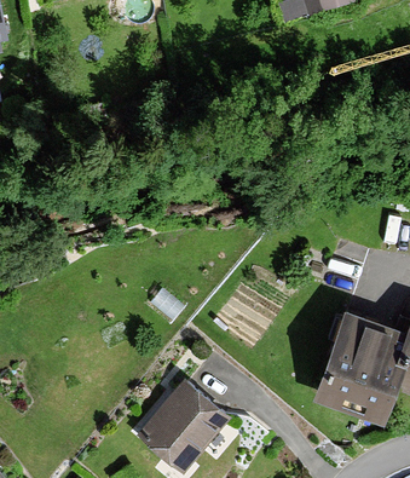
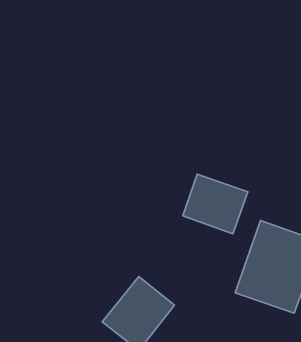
building: none -> [183,174,248,234]

